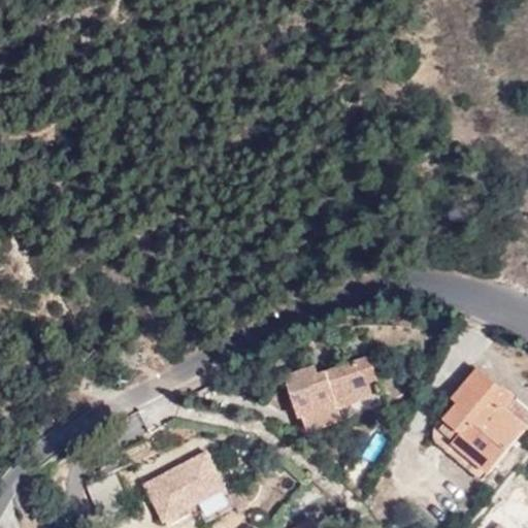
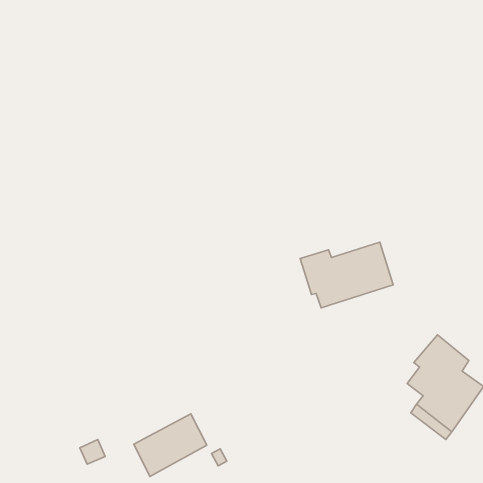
building: [282,360,383,431] -> [300,242,393,308]

